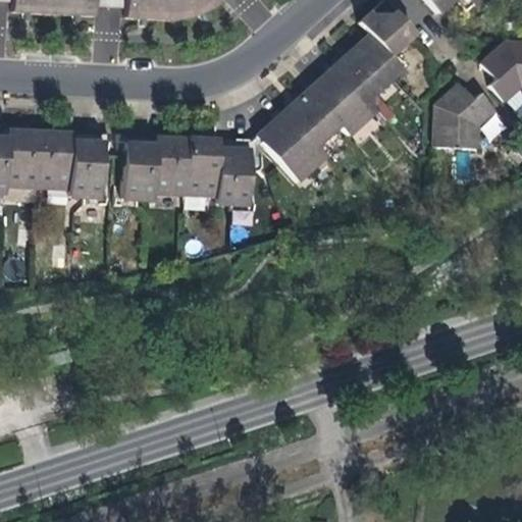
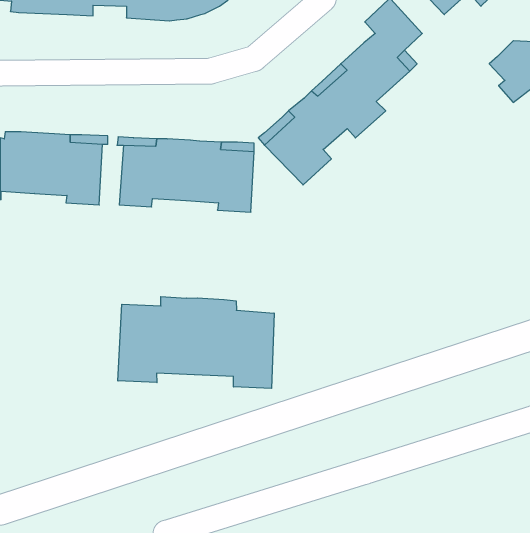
building: [435,82,495,148] -> none
building: none -> [118,297,274,388]

